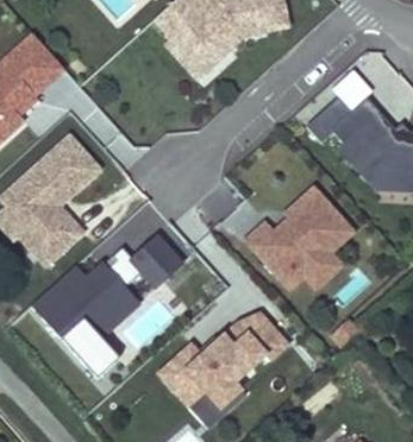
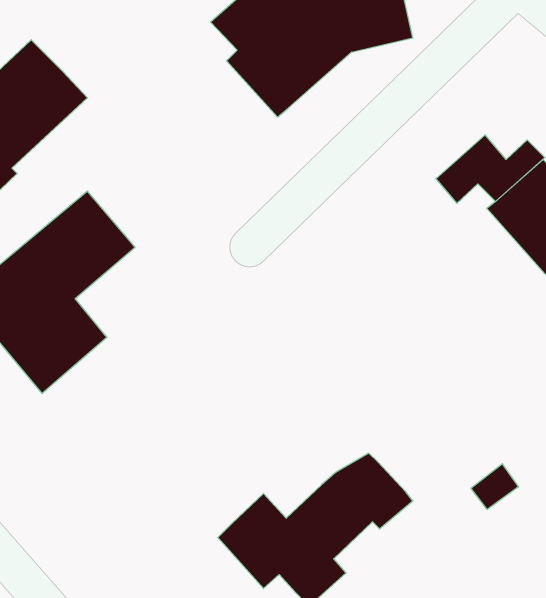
building: [237,182,350,289] -> none
building: [26,231,177,374] -> none

